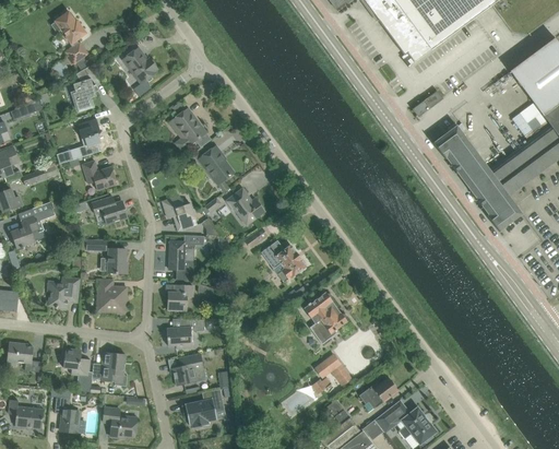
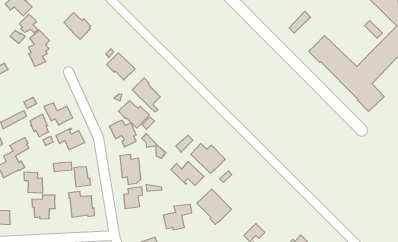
building: [79,118,100,146] -> [30,114,49,137]
building: [226,188,265,225] -> [118,100,149,128]
building: none -> [24,172,42,193]
building: none -> [171,161,204,185]
building: [304,292,347,338] -> [197,189,232,224]
building: [167,318,204,348] -> [163,204,192,230]

